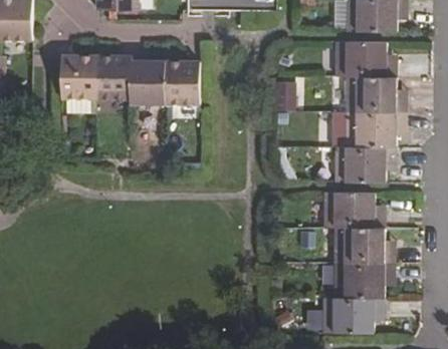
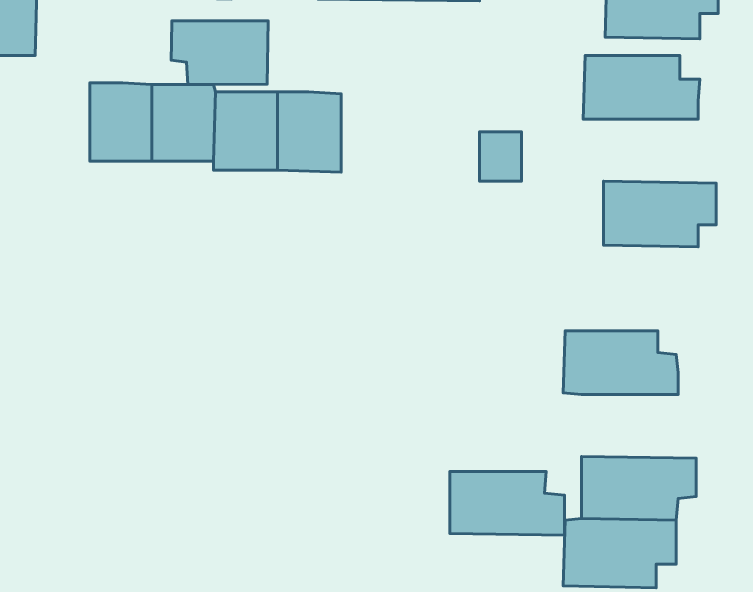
building: none -> [171,21,268,85]
building: [344,76,406,111] -> none
building: [332,145,396,183] -> none
building: [331,228,395,263] -> [450,471,565,535]

